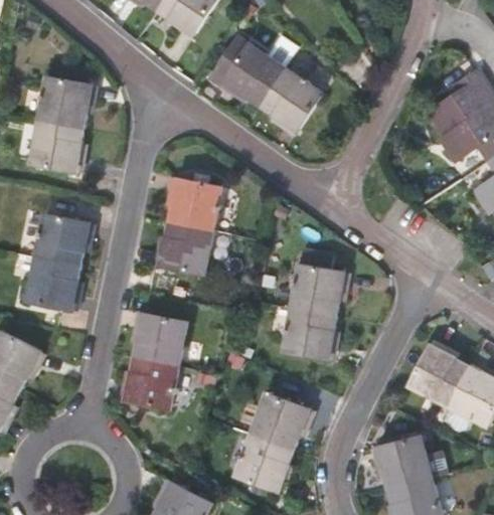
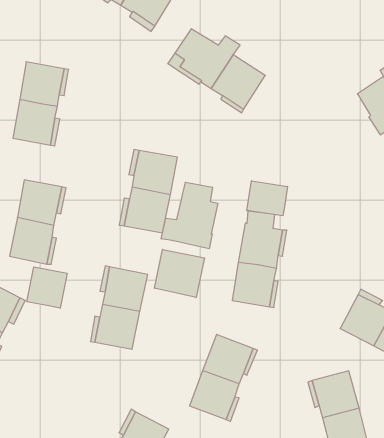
building: none -> [247,181,287,216]
building: none -> [161,182,218,249]
building: none -> [155,249,204,298]
building: none -> [27,267,67,308]

